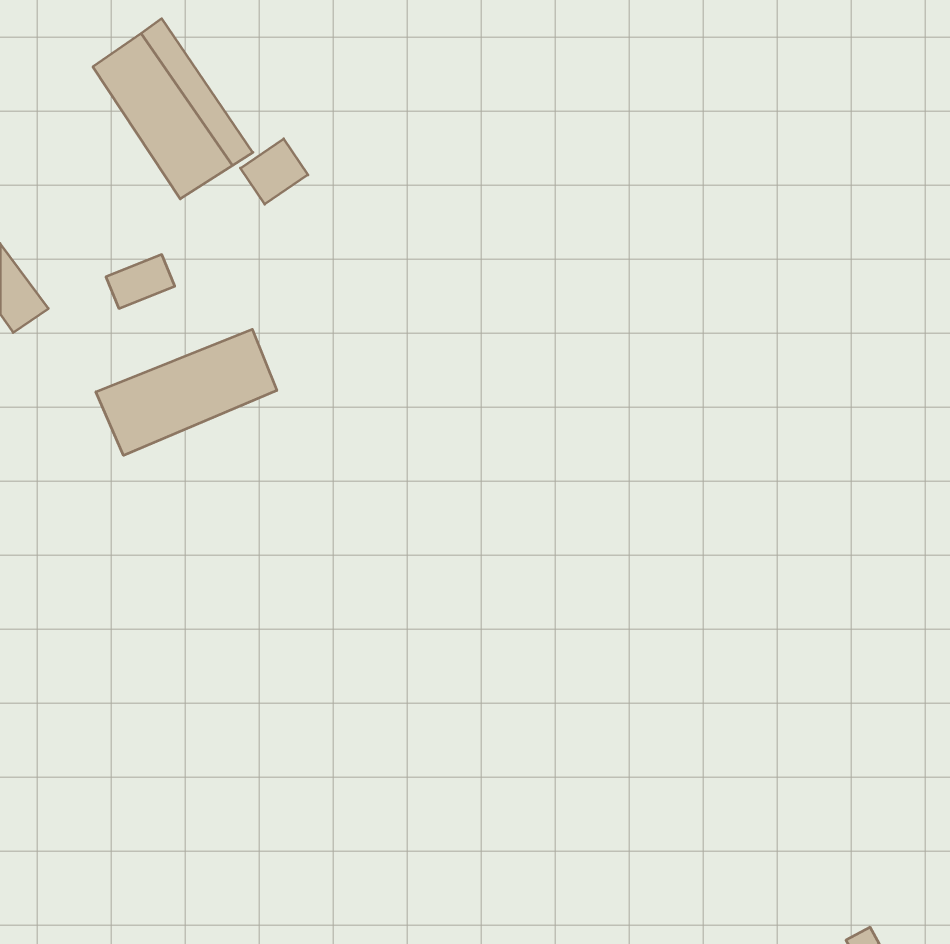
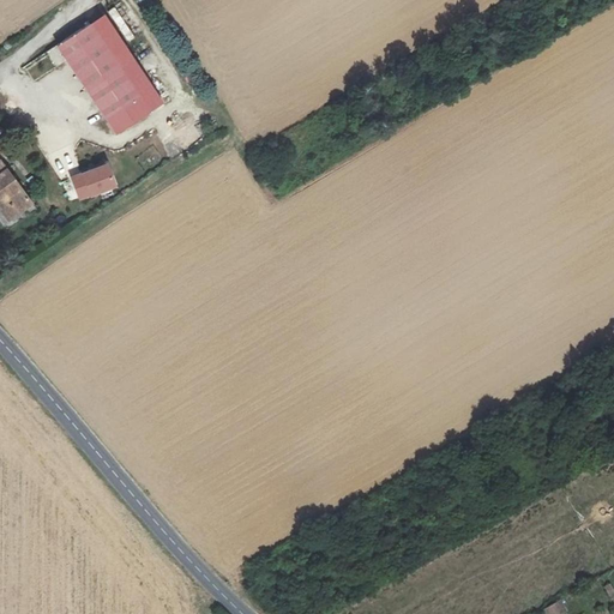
building: [240,139,308,204] -> none
building: [96,329,277,455] -> none

